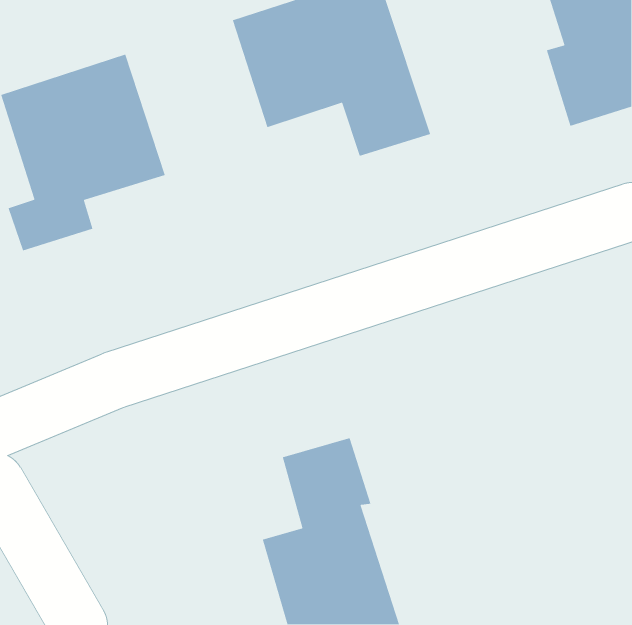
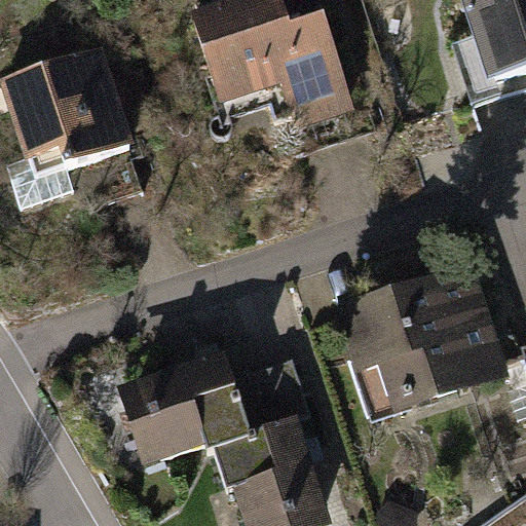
building: none -> [317,265,512,415]
building: none -> [117,353,249,466]

